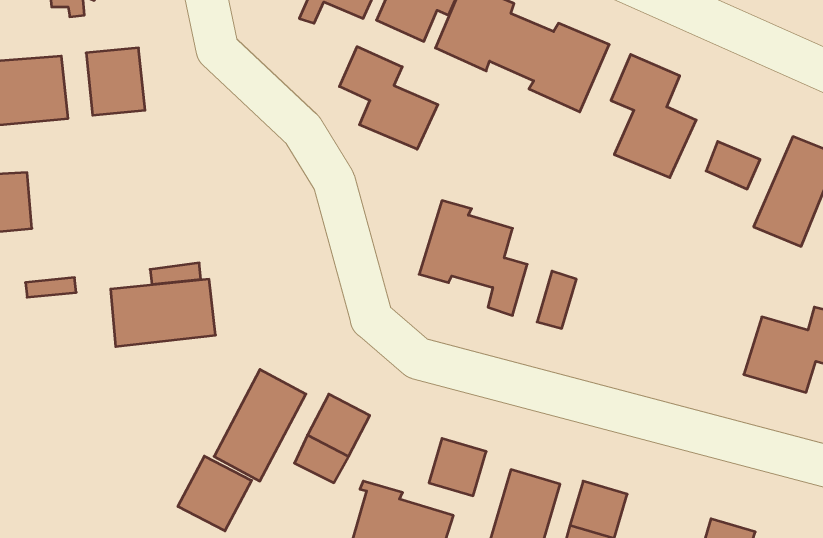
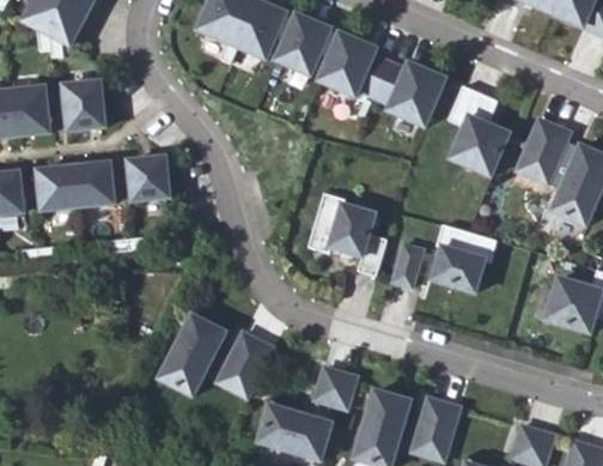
building: [339,47,438,149] -> none
building: none -> [525,119,570,162]
building: none -> [129,156,171,200]
building: none -> [432,224,497,291]
building: [111,279,216,347] -> [39,162,116,211]
building: [178,456,252,531] -> none

